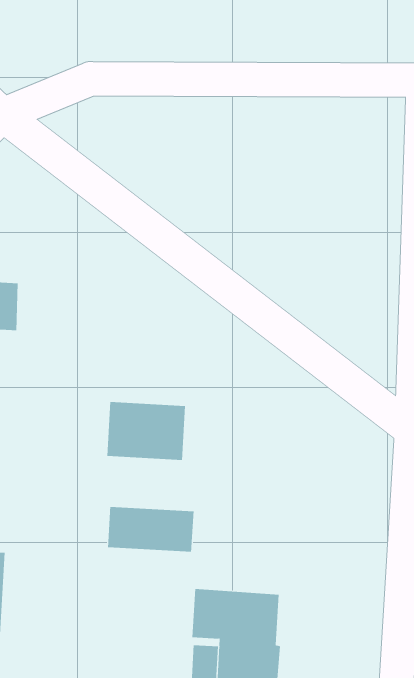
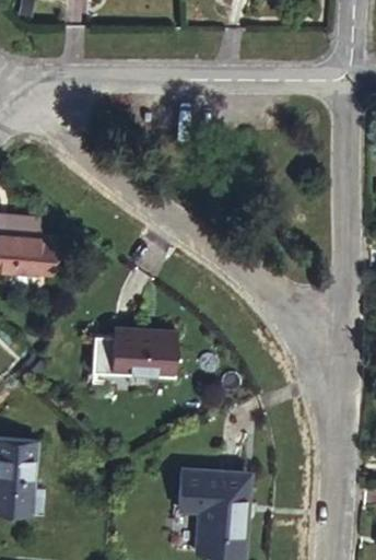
building: [107,506,194,553] -> none

